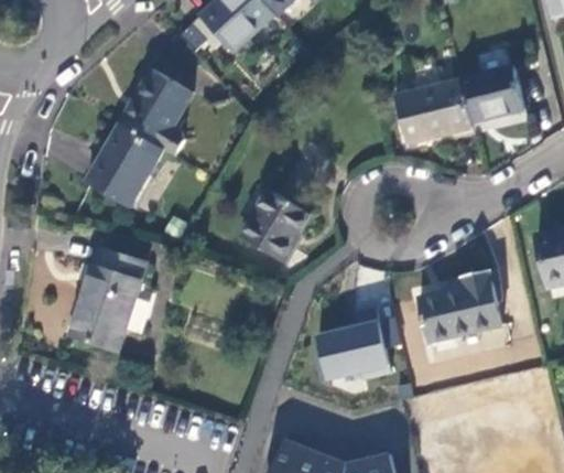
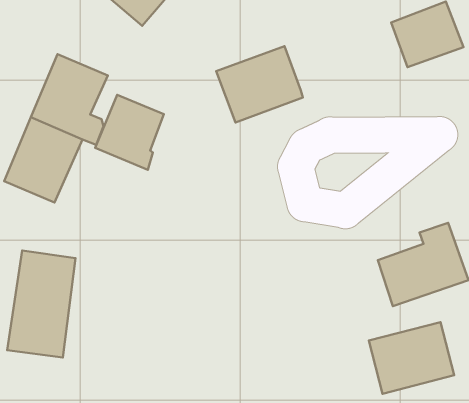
building: [395,78,473,143] -> [216,46,303,122]
building: [239,190,306,262] -> [95,95,164,170]
building: [312,316,387,376] -> [369,322,454,394]

